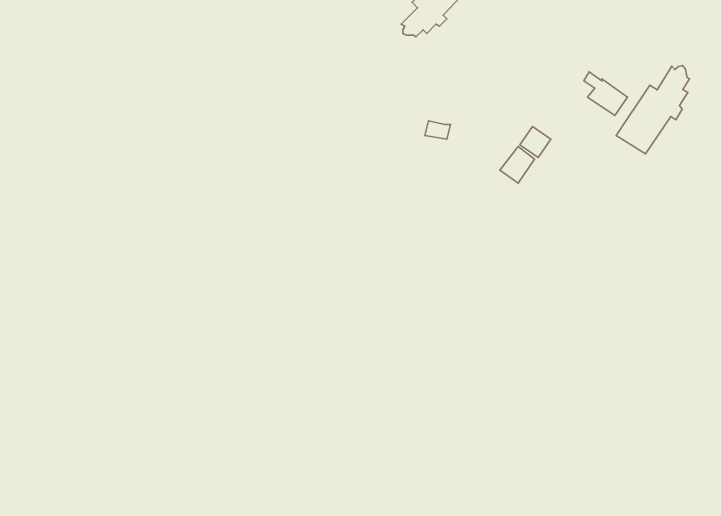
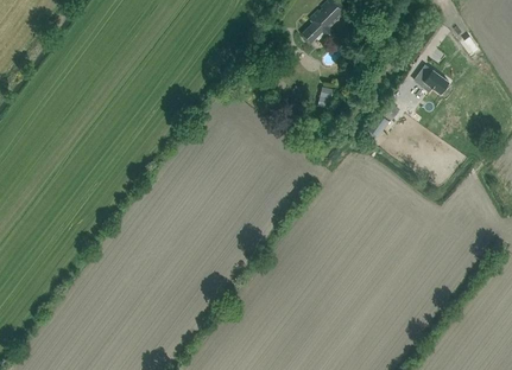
building: [616,65,690,154] -> none

